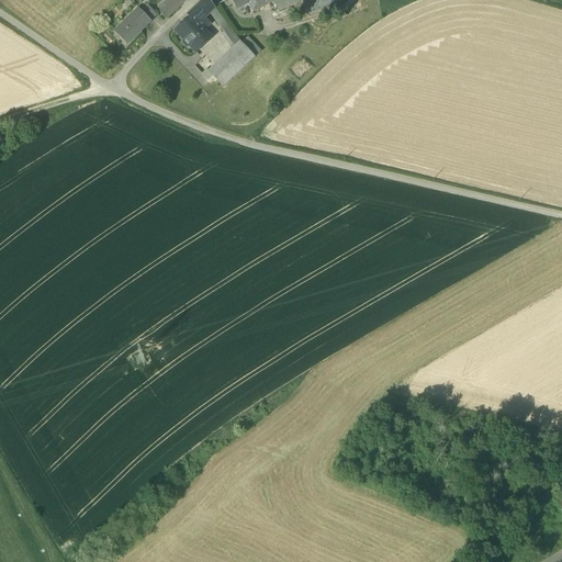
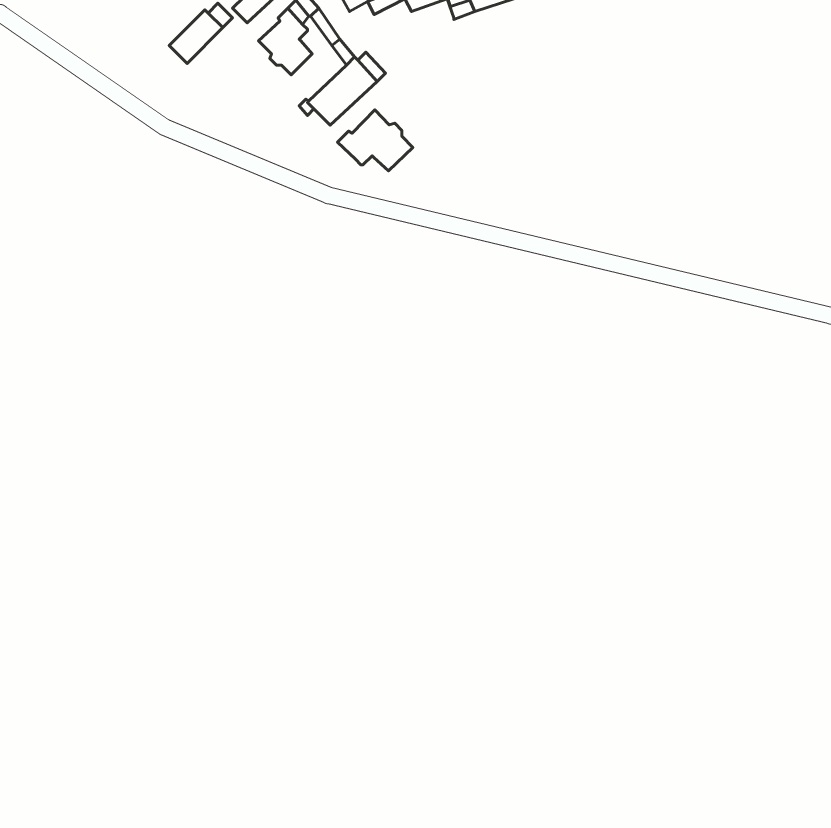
building: none -> [337,110,413,171]

